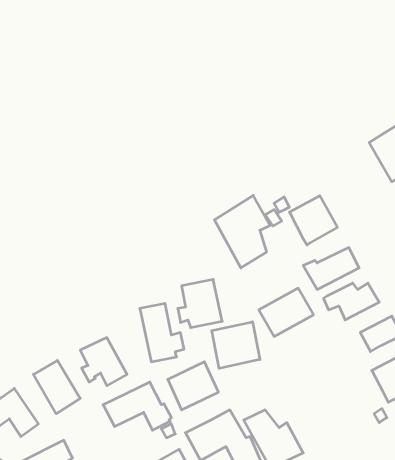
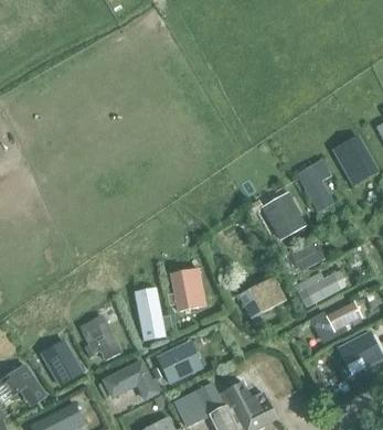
building: none -> [298,163,333,212]
building: [215,195,270,268] -> none
building: [212,322,260,368] -> none

